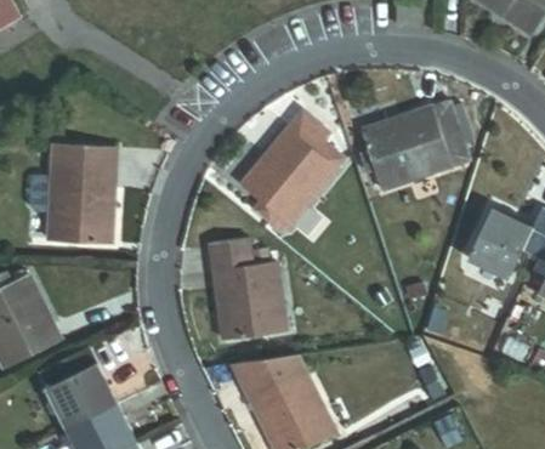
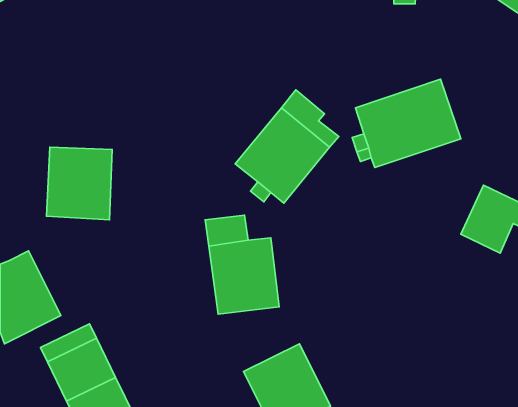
building: [51,146,115,172] -> none
building: [229,353,305,398] -> none

